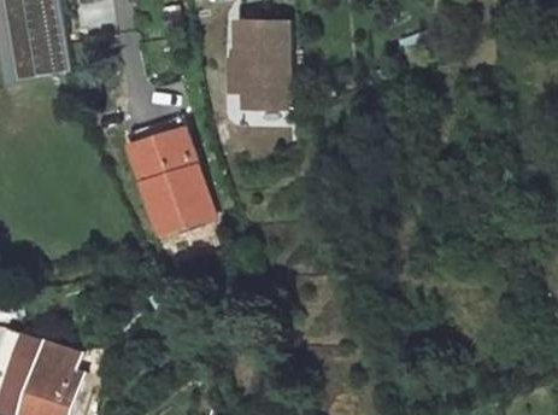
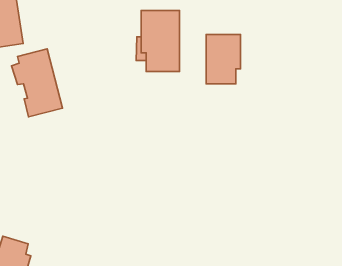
building: none -> [206,35,241,84]
building: [133,125,205,222] -> [12,49,62,117]

